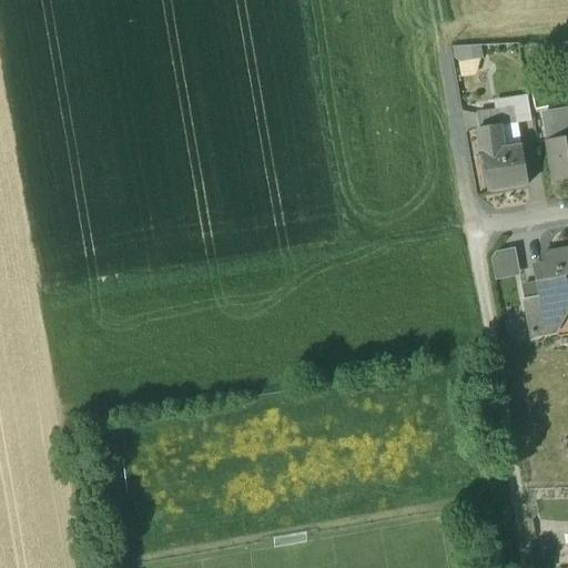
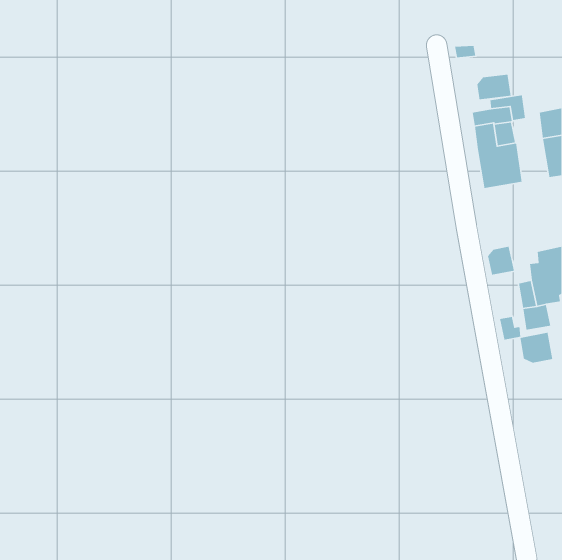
building: none -> [477,74,511,100]
building: none -> [520,332,553,363]

